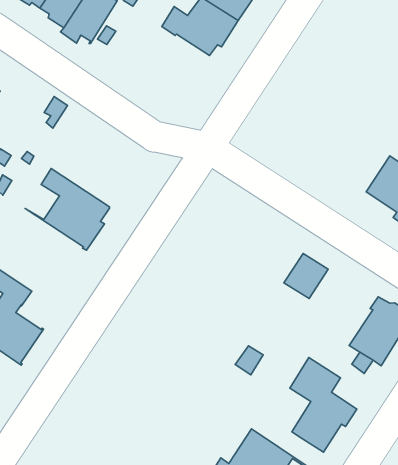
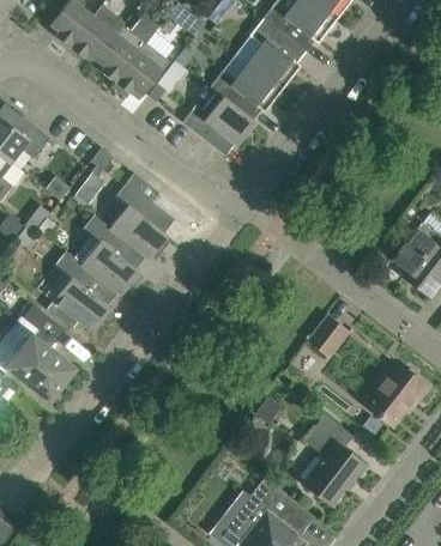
building: none -> [182,96,255,154]
building: none -> [92,171,174,259]
building: none -> [46,250,117,332]

